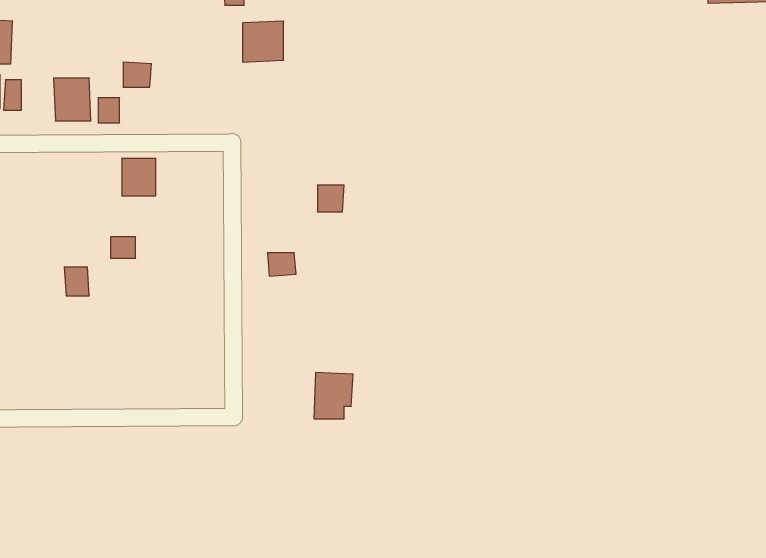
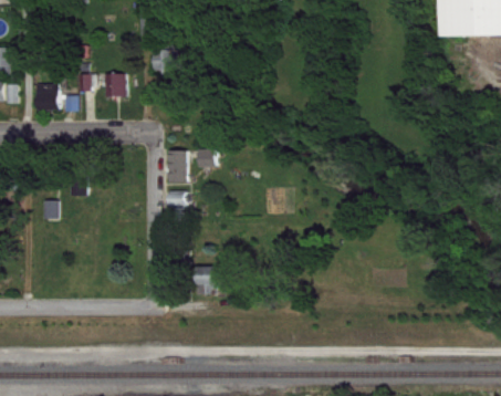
building: [122,158,156,196] -> [104,74,125,97]
building: none -> [168,152,186,183]

